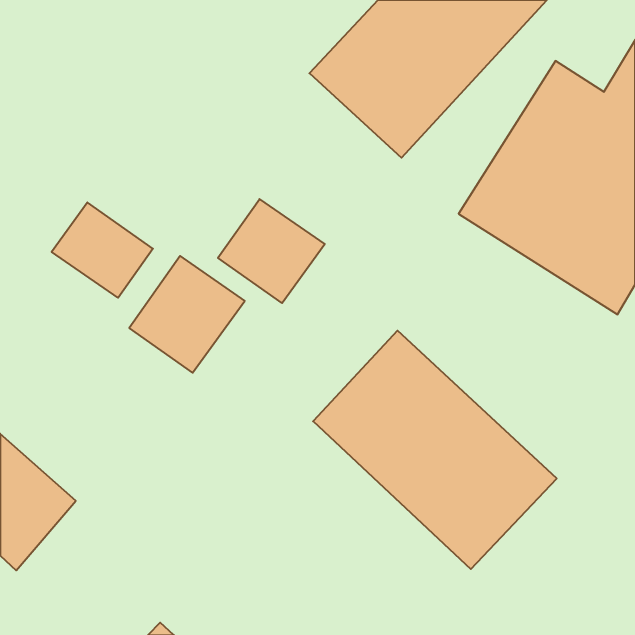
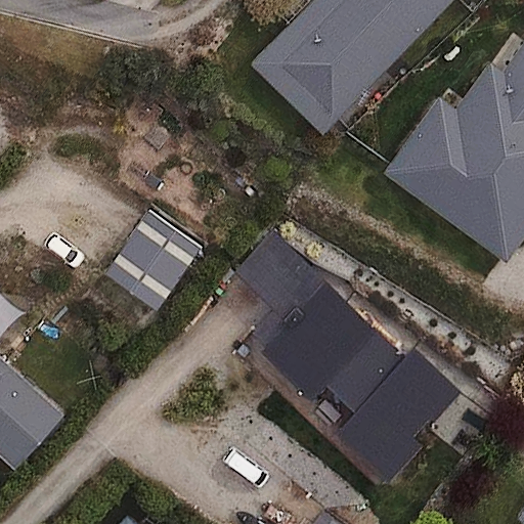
building: [218,199,325,303] -> none
building: [52,202,153,298] -> none

